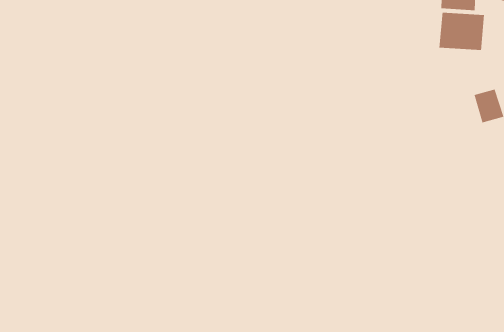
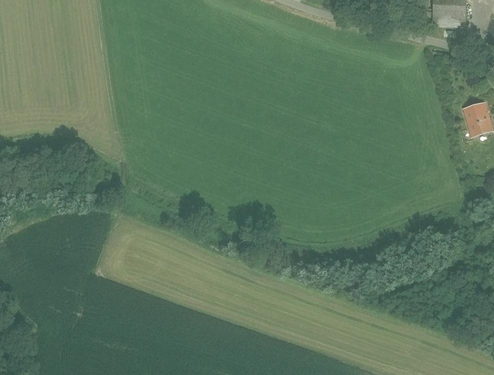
building: [439,12,485,51] -> none

